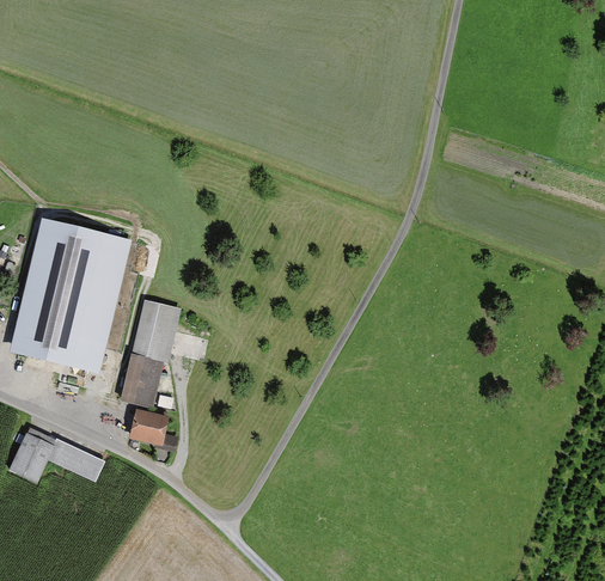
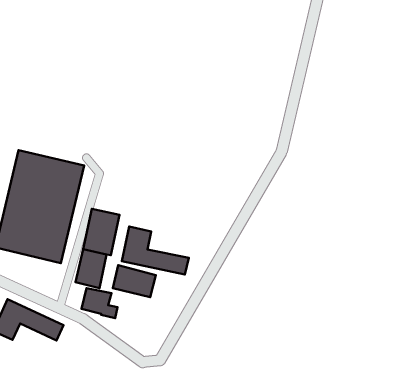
building: none -> [122,226,189,274]
building: none -> [113,265,156,297]

